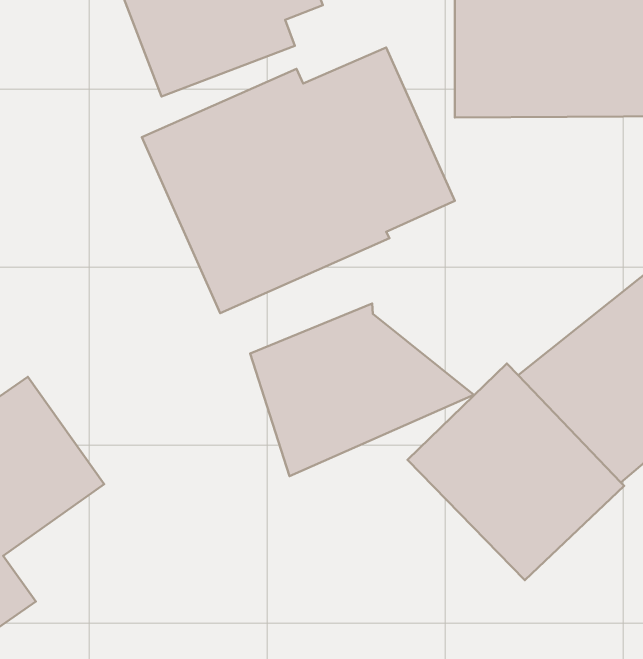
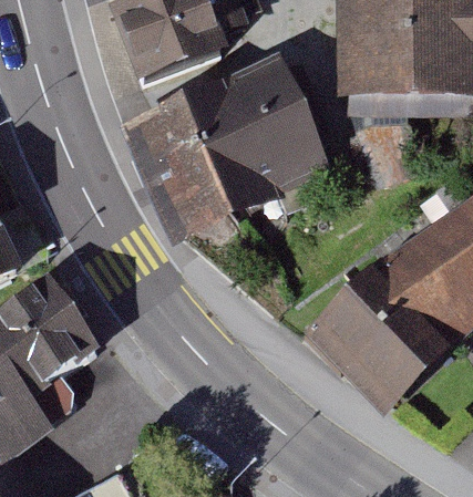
building: [250,303,474,476] -> none

